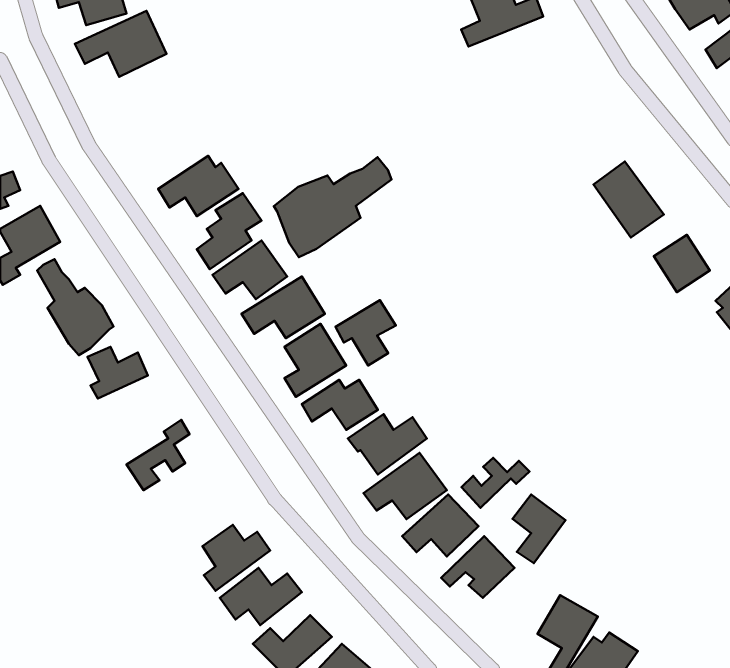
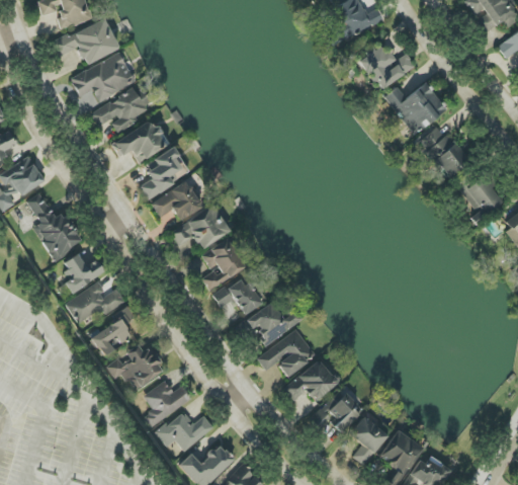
building: none -> [358,43,415,88]
building: none -> [71,51,136,102]
building: none -> [384,82,446,134]
building: none -> [91,85,148,133]
building: [274,157,392,257] -> none
building: [336,300,396,366] -> none
building: none -> [66,281,125,322]
building: [462,458,529,508] -> none
building: none -> [108,344,164,388]
building: [512,494,566,563] -> [349,416,386,465]

